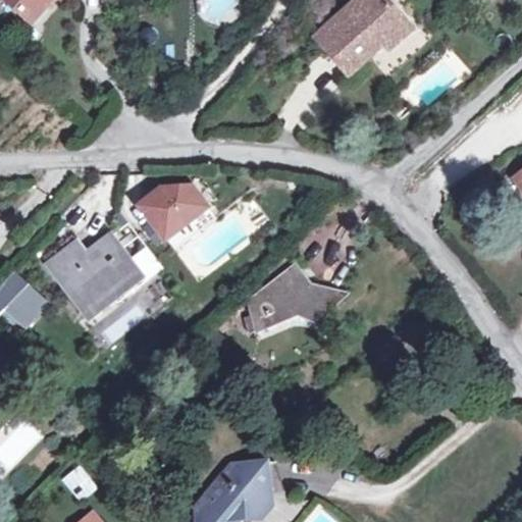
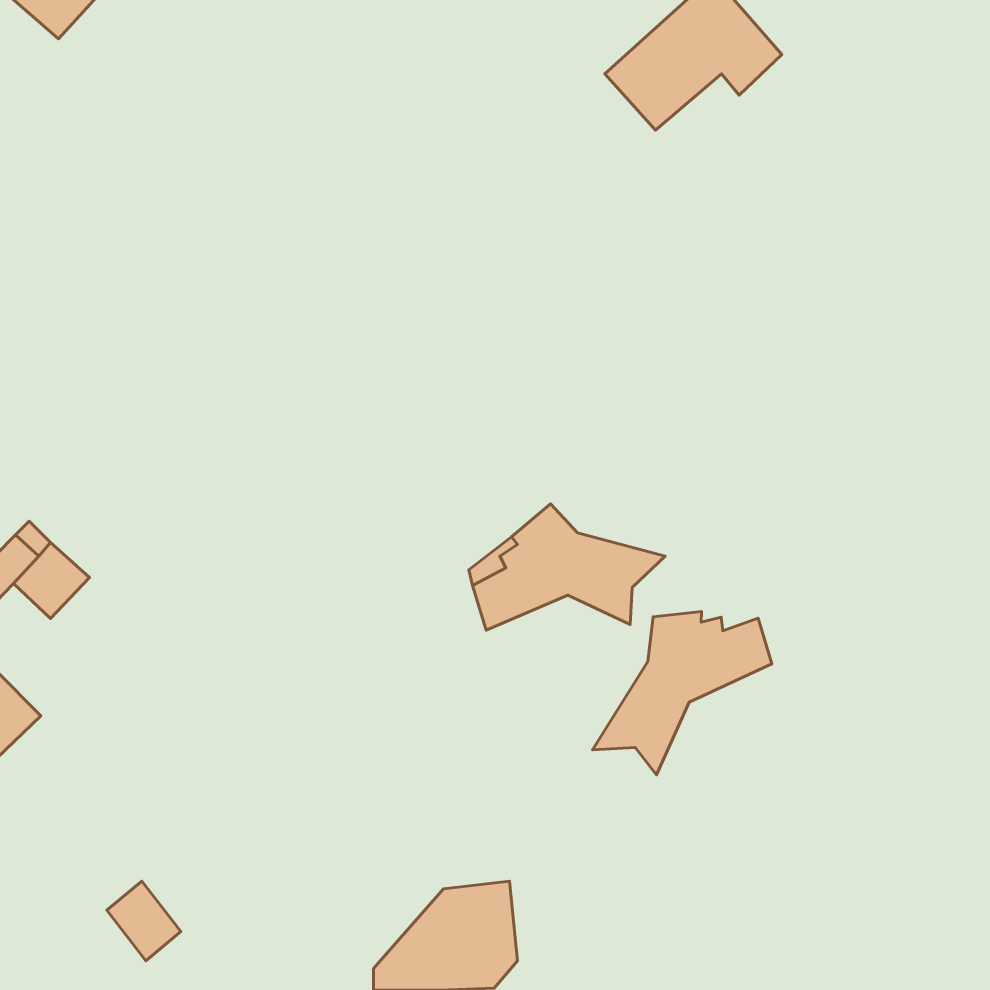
building: [137,185,212,248] -> none
building: [46,233,143,314] -> none
building: none -> [592,611,772,775]

